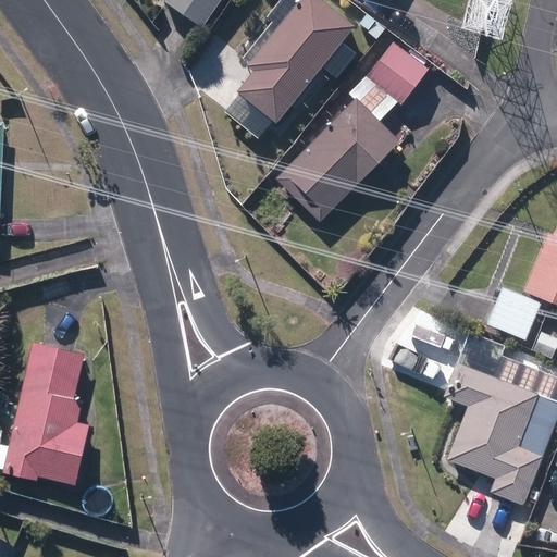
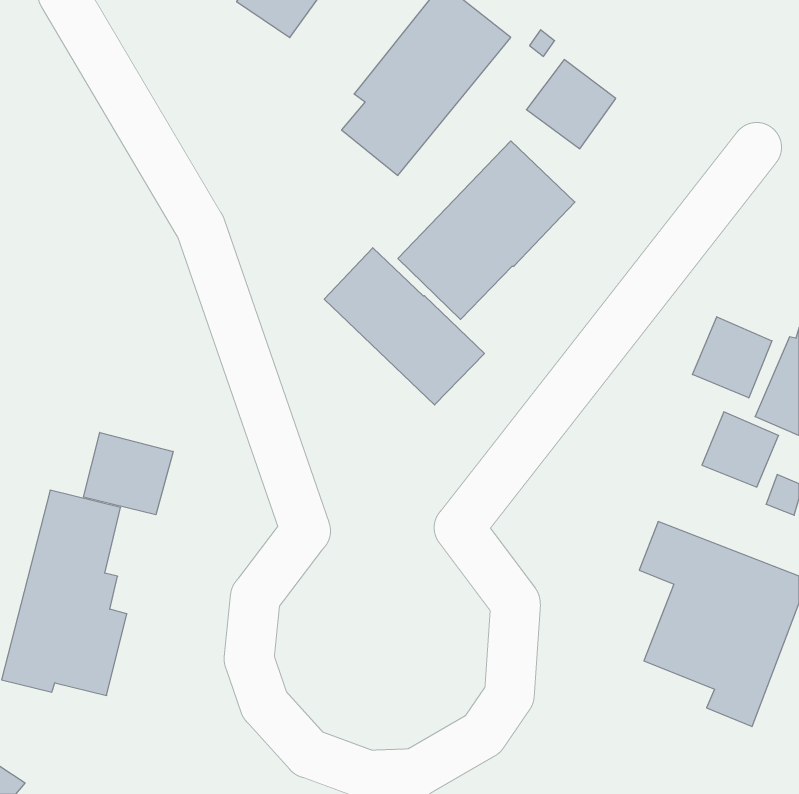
building: none -> [324,248,484,405]
building: none -> [692,317,772,398]
building: none -> [84,432,173,515]

